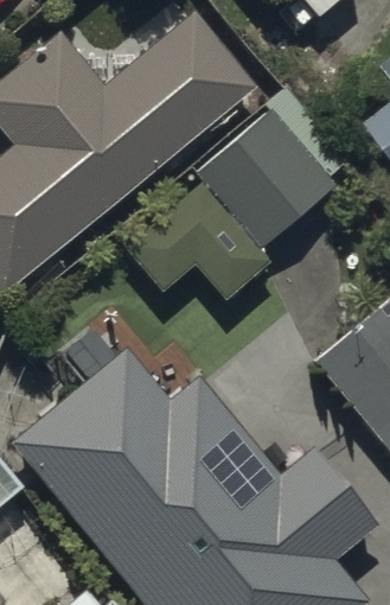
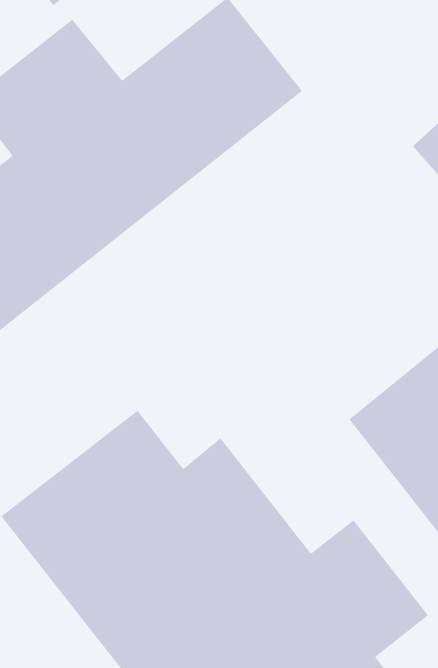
building: [146,115,335,306] -> none

